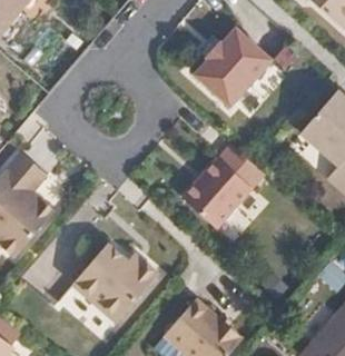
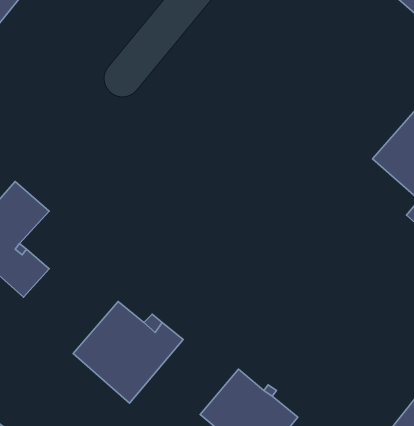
building: [196,28,272,105] -> none
building: [183,157,253,227] -> none

